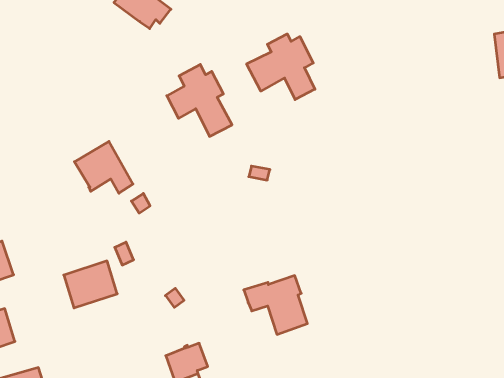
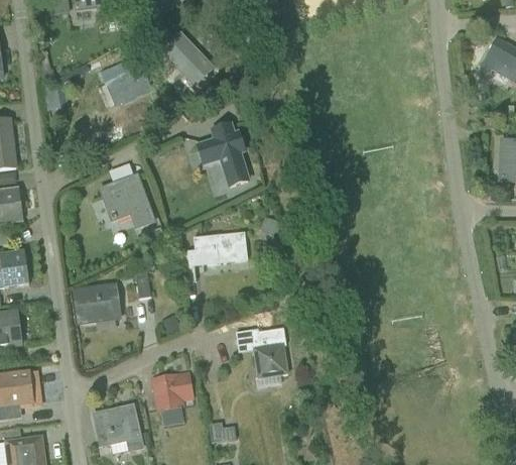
building: none -> [106,57,150,101]
building: [247,34,315,100] -> none
building: none -> [190,232,246,262]

